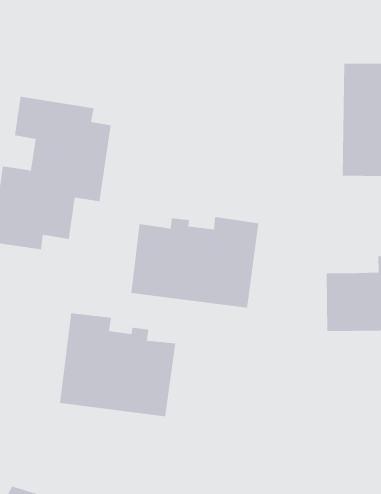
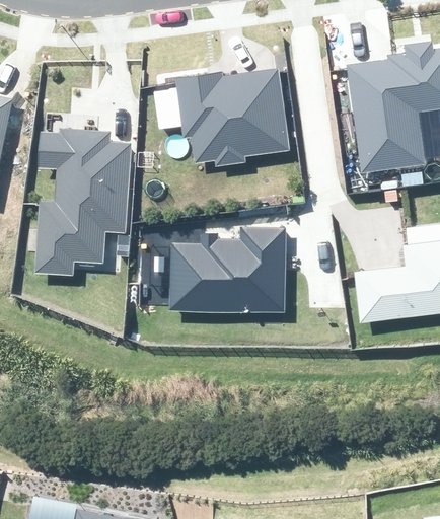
building: none -> [179,72,279,153]
building: [59,313,176,417] -> none

